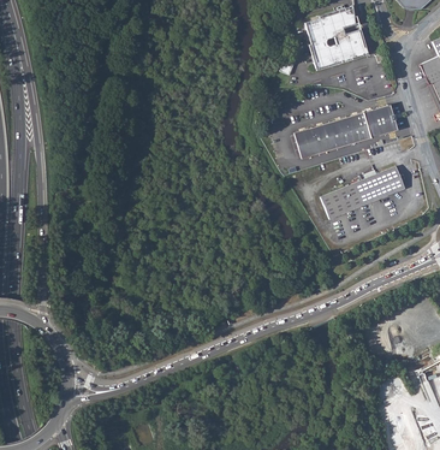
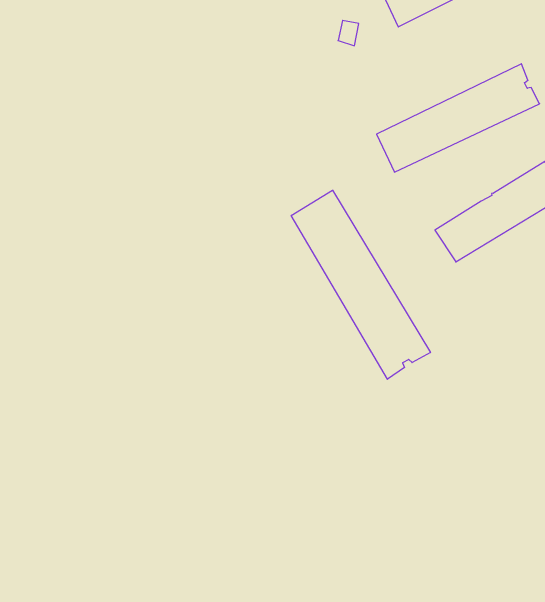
building: none -> [291,190,430,379]

